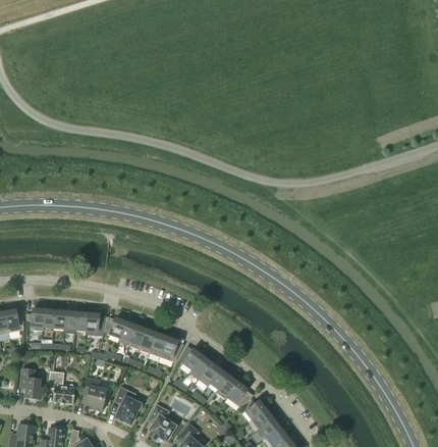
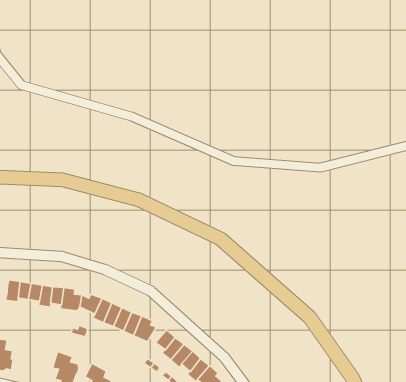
building: [48,370,74,402] -> none

